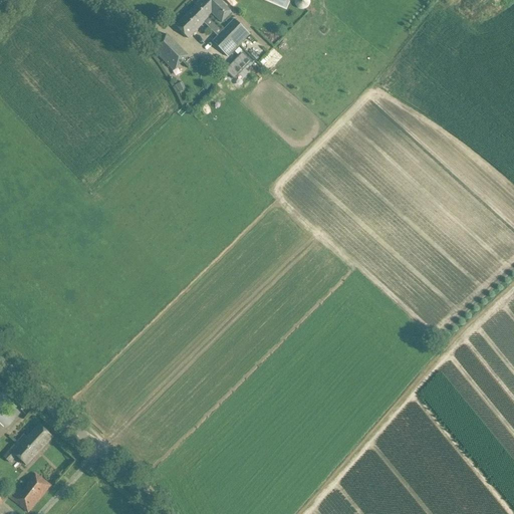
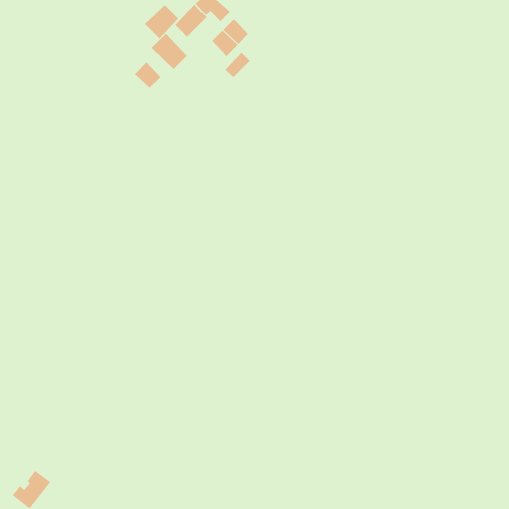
building: none -> [144,5,179,39]
building: none -> [134,62,161,89]
building: [7,424,53,464] -> none

